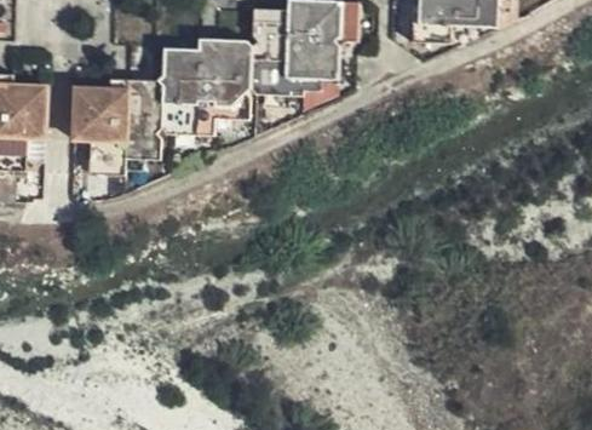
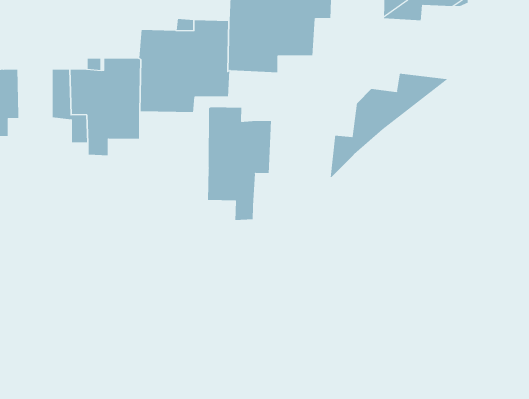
building: none -> [330,73,449,178]
building: none -> [207,106,272,221]

